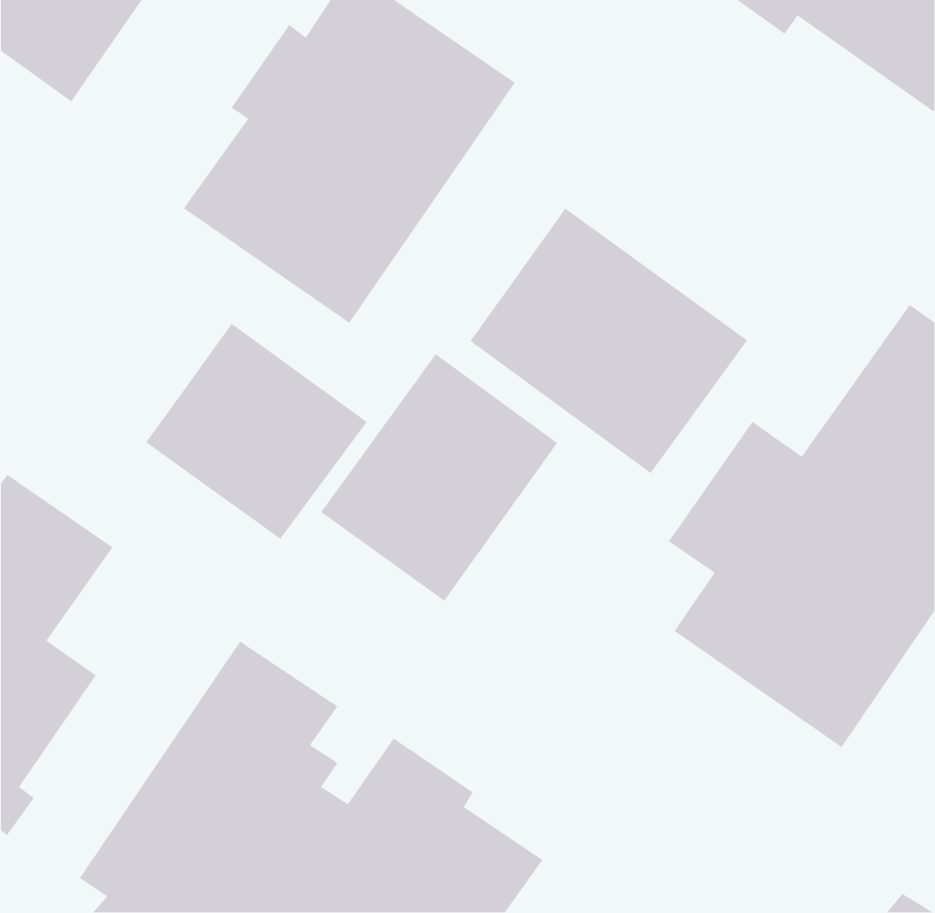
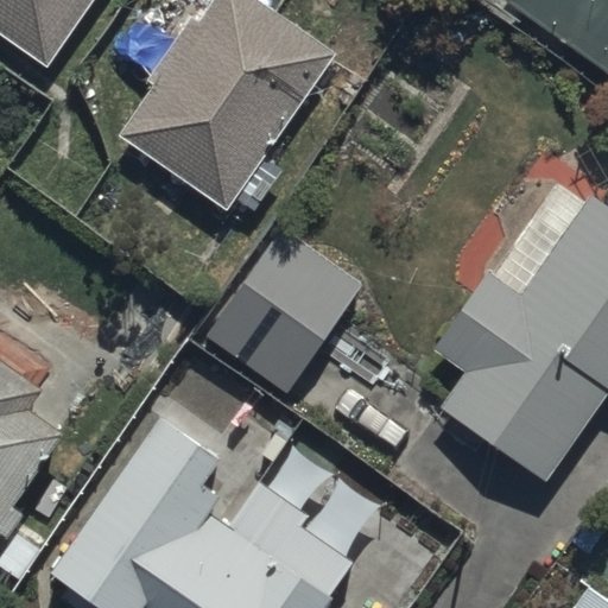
building: [470,208,748,474] -> none
building: [145,323,368,540] -> none

